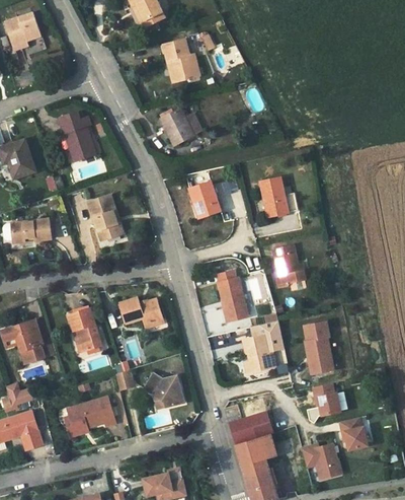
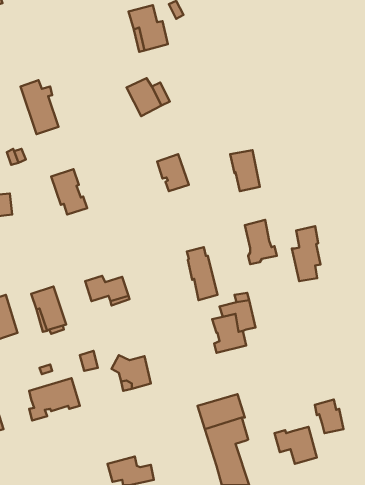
building: [304,320,331,373] -> [292,226,320,281]
building: [313,382,340,414] -> none

